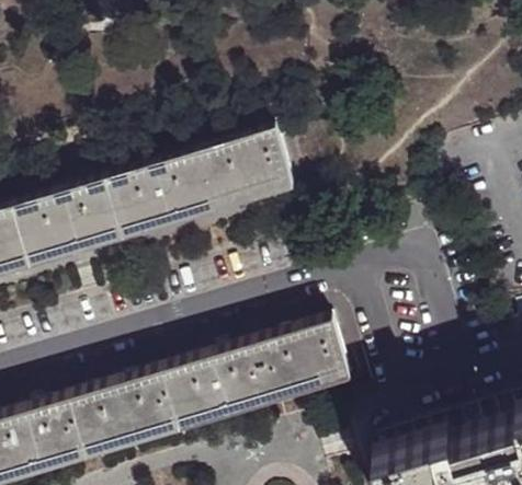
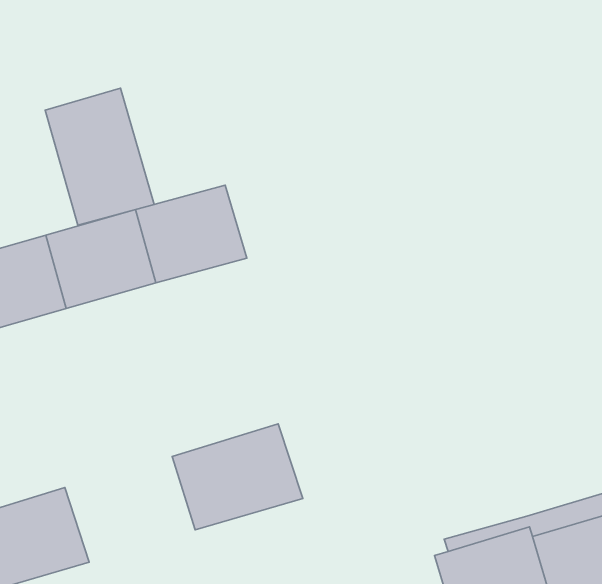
building: none -> [45,88,154,225]
building: [203,130,293,210] -> none
building: [246,317,352,404] -> none
building: [73,370,179,455] -> none

